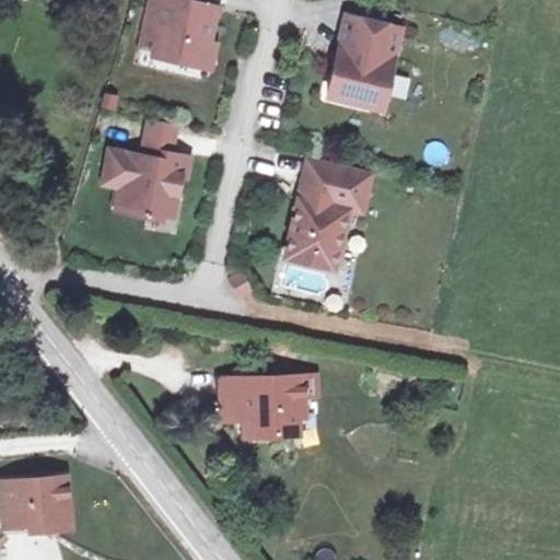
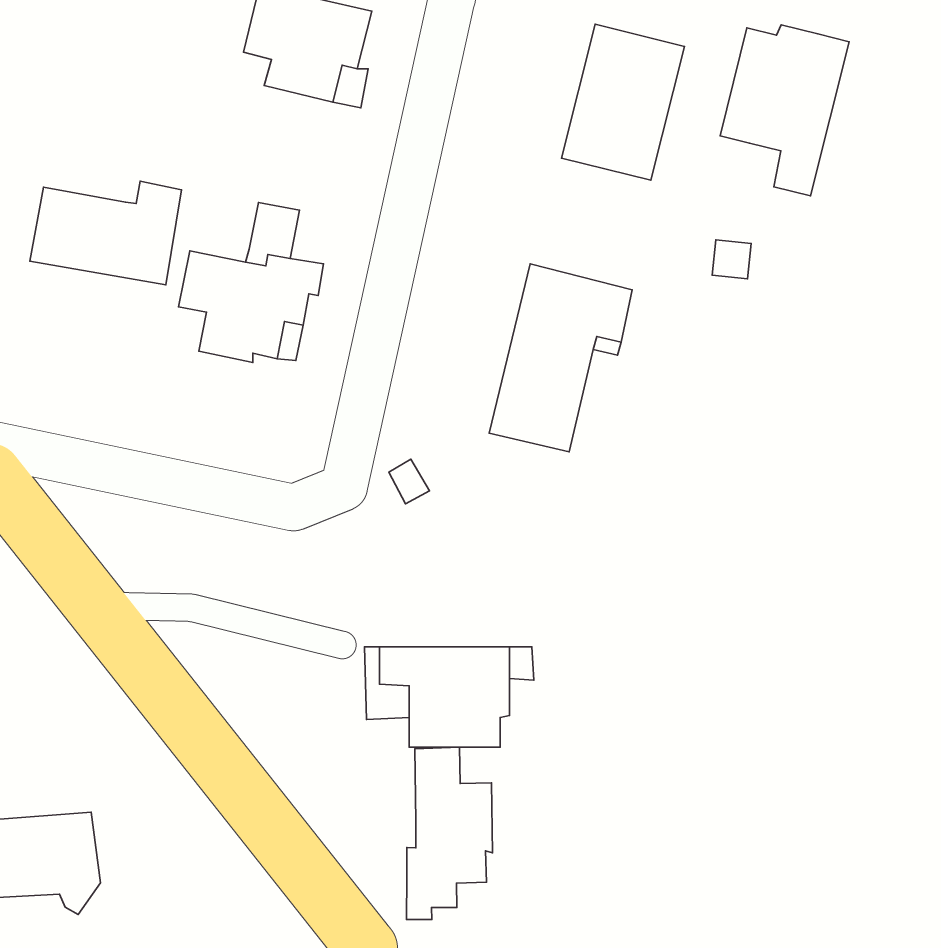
building: none -> [720,25,849,196]
building: none -> [30,181,181,285]
building: none -> [406,747,493,920]

